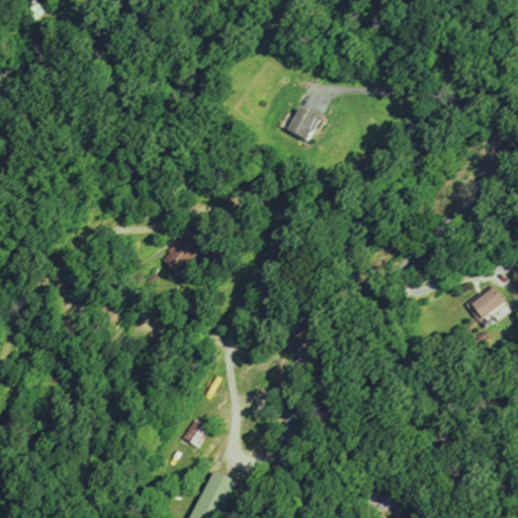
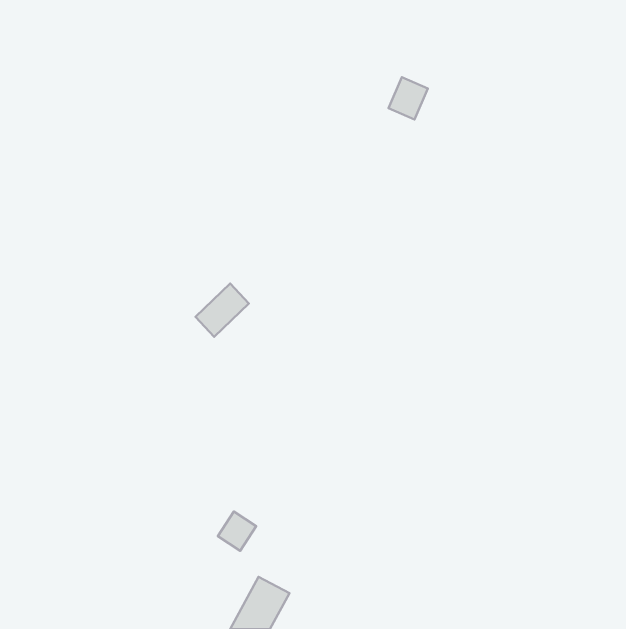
building: [287,107,320,142] -> [388,77,428,119]
building: [470,287,507,322] -> none

